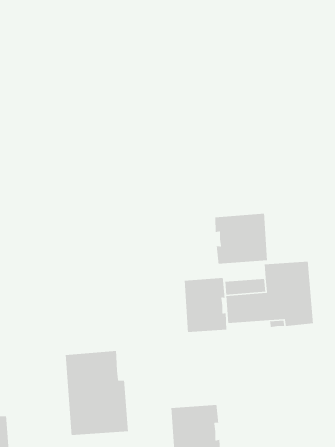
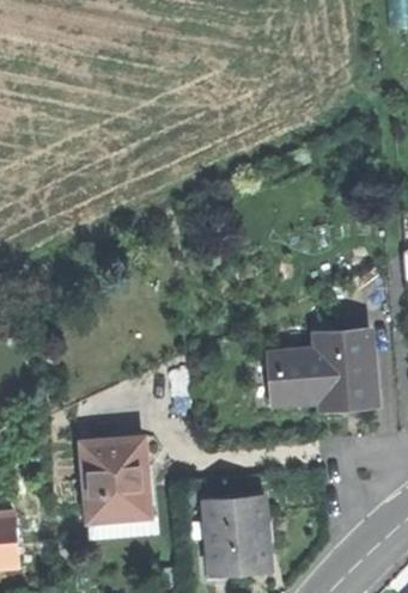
building: [214,213,268,265] -> none
building: [184,277,227,333] -> none

